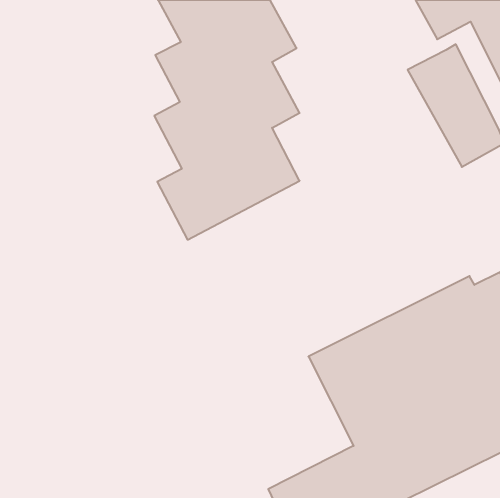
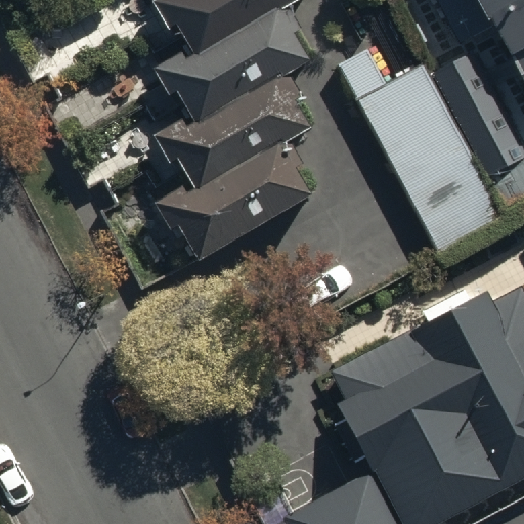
building: none -> [338,50,505,256]

